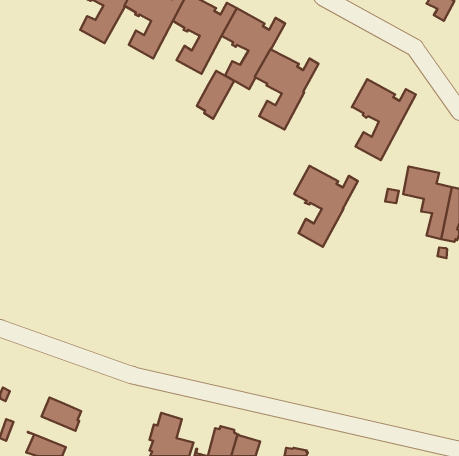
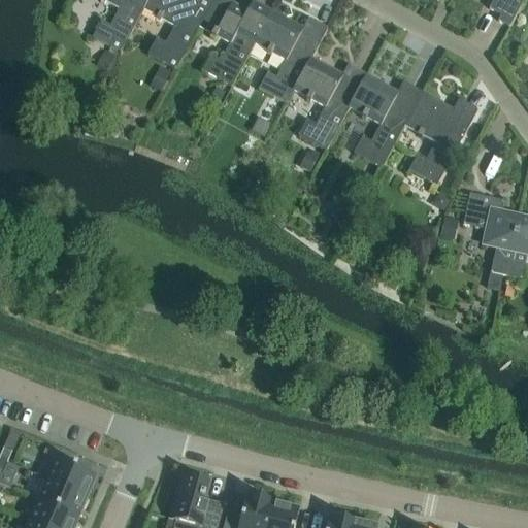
building: [197,71,234,119] -> none
building: [294,166,358,247] -> [349,73,422,166]
building: none -> [33,474,88,513]

